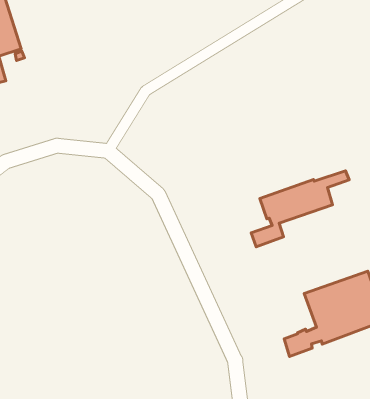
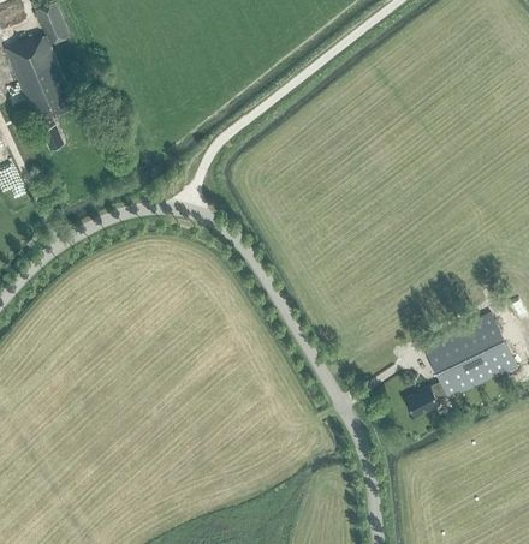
building: [251,171,349,247] -> none

